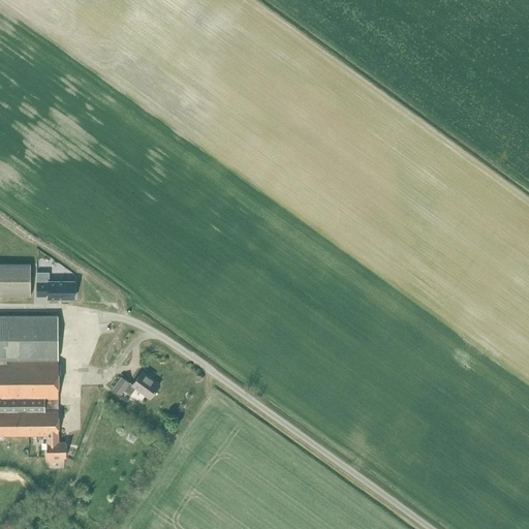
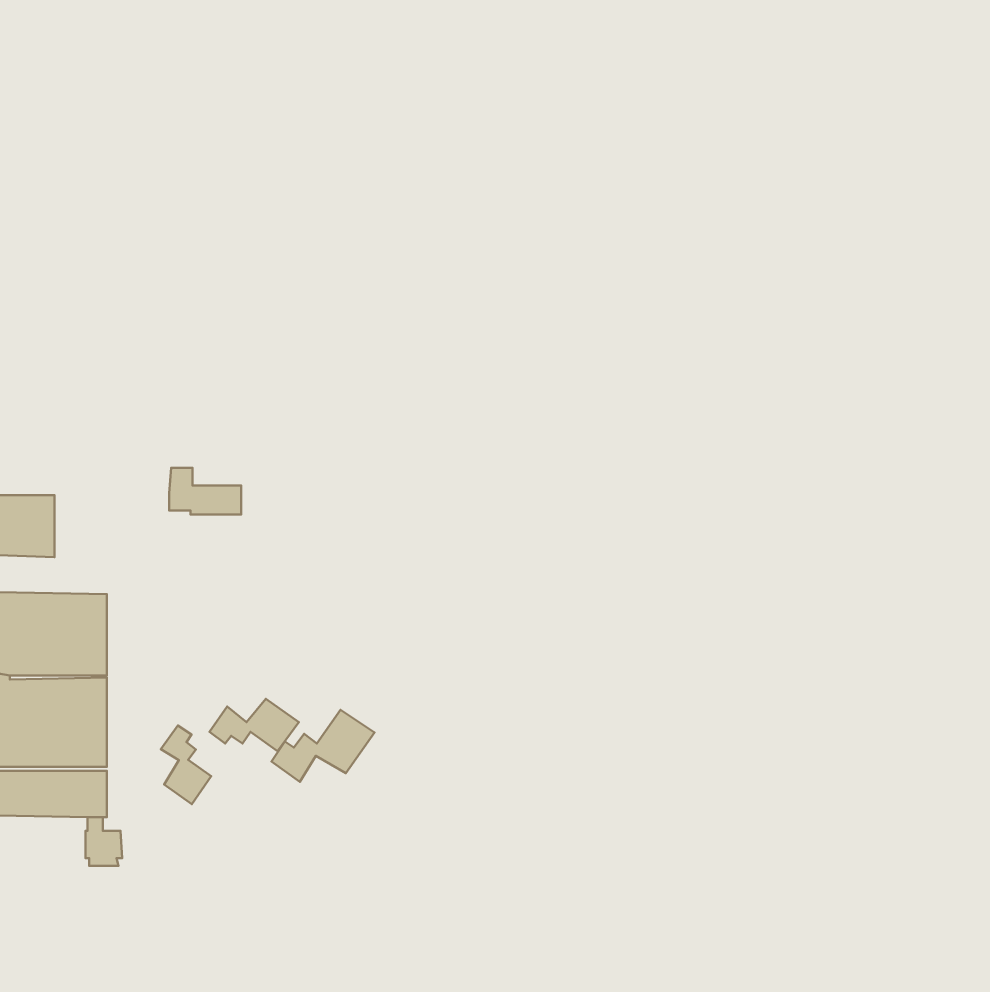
building: [35,273,73,298] -> [169,468,241,514]
building: none -> [271,710,374,782]
building: none -> [161,726,211,804]

